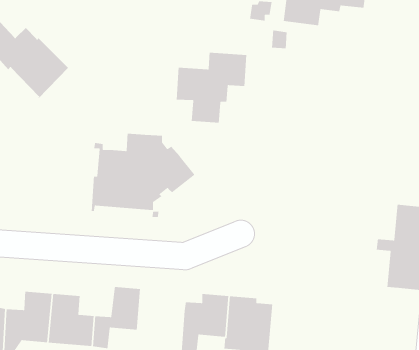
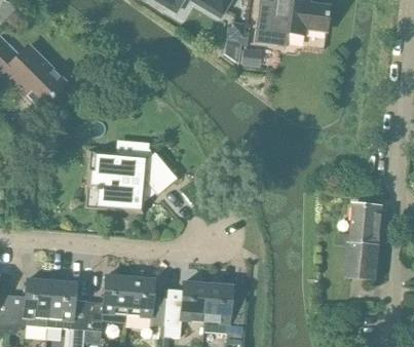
building: [176,52,247,123] -> none
building: none -> [125,277,166,325]

